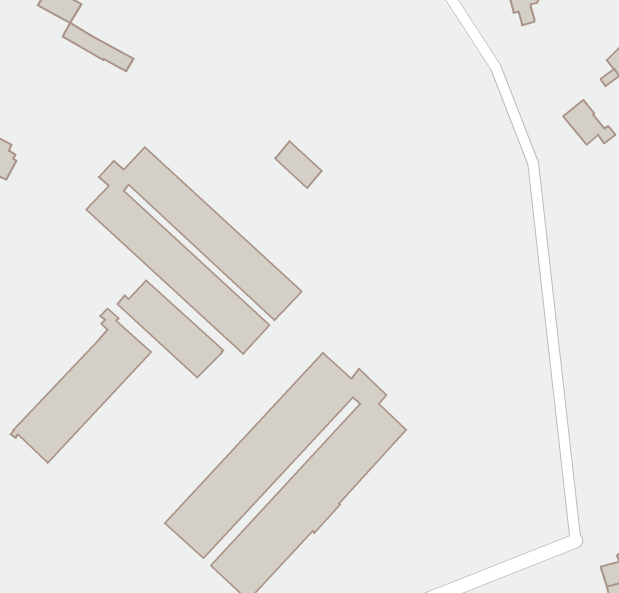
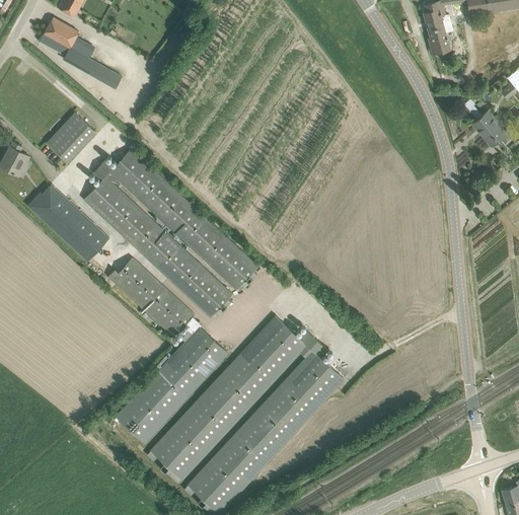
building: none -> [46,113,94,162]
building: [275,141,322,188] -> none
building: none -> [34,185,108,261]
building: [10,309,151,463] -> [113,317,227,443]

